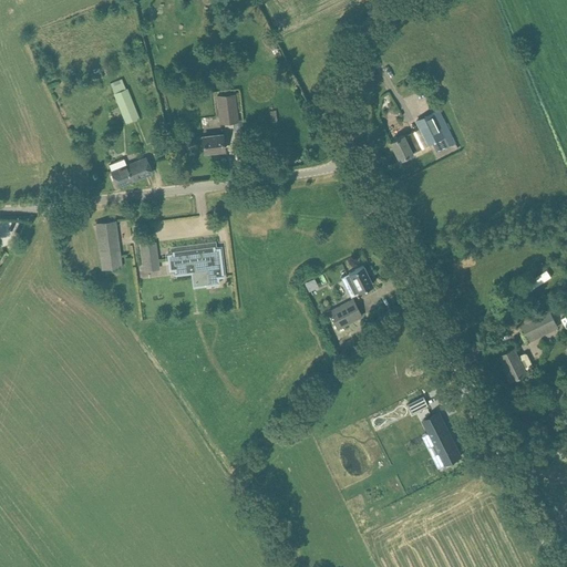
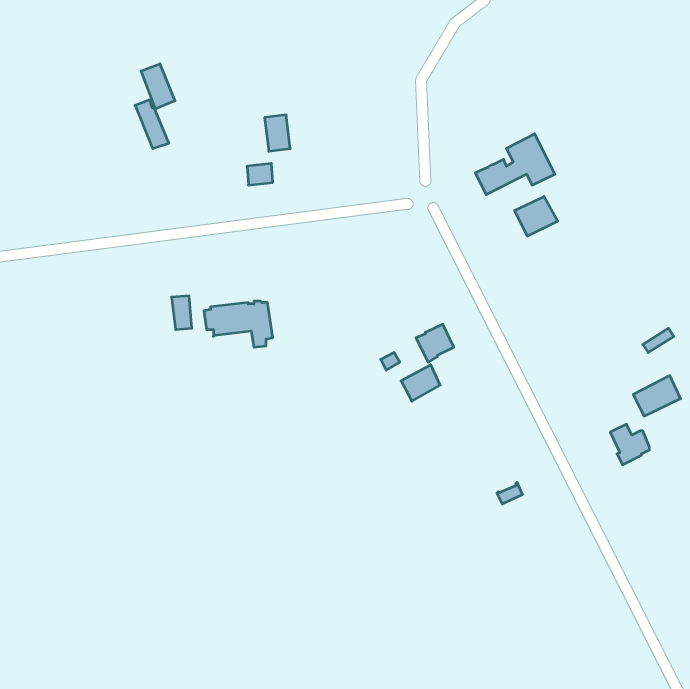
building: none -> [141,64,175,109]
building: [109,159,152,187] -> none
building: none -> [515,196,558,236]
building: [96,223,121,270] -> none
building: [425,413,463,465] -> none

